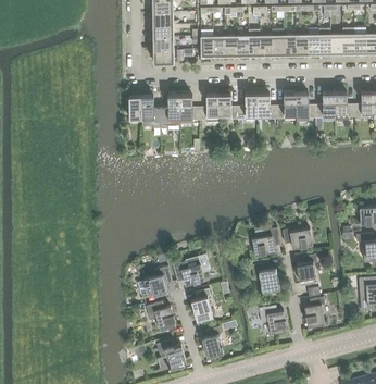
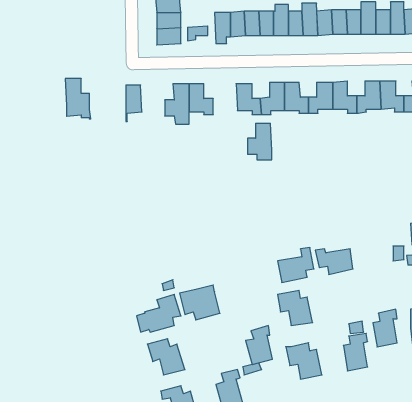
building: [199,94,218,123] -> [248,123,272,160]
building: [140,95,161,127] -> [65,79,91,119]
building: [297,252,316,283] -> [373,309,397,347]
building: [190,287,212,319] -> [246,326,272,365]

